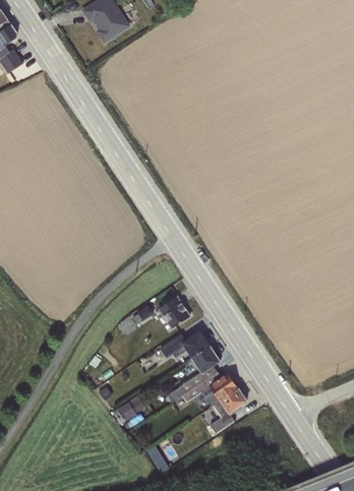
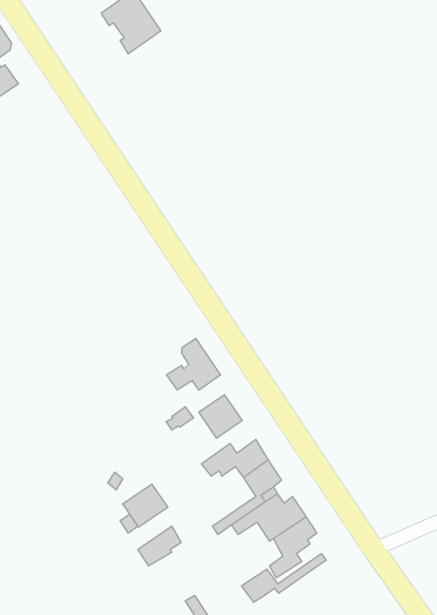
building: none -> [167,339,221,390]
building: none -> [123,484,168,527]
building: none -> [241,554,326,602]

